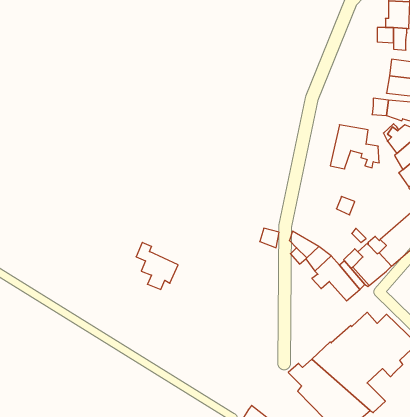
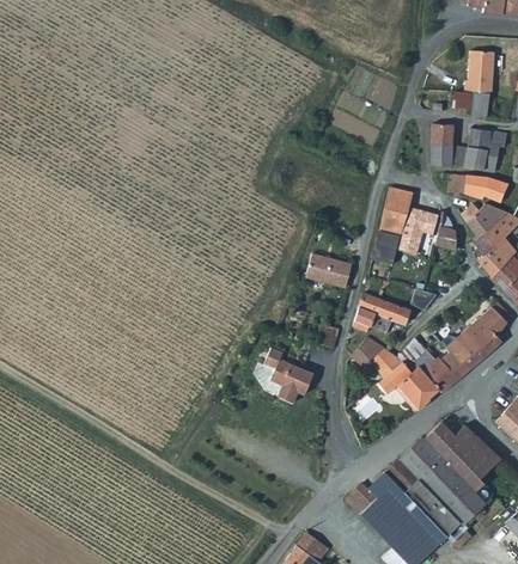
building: none -> [432,124,455,166]
building: none -> [374,186,414,266]
building: none -> [306,255,351,288]
building: none -> [358,292,413,333]
building: [136,242,178,289] -> [266,347,315,401]
building: none -> [443,489,486,526]

